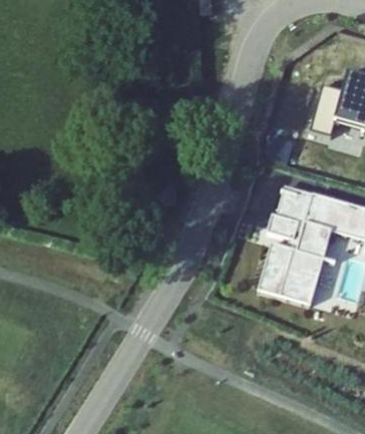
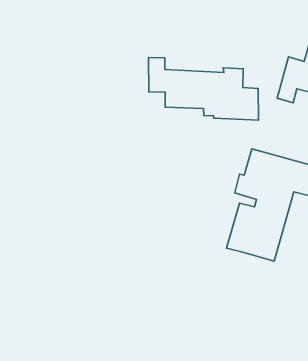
building: none -> [148,58,258,120]

